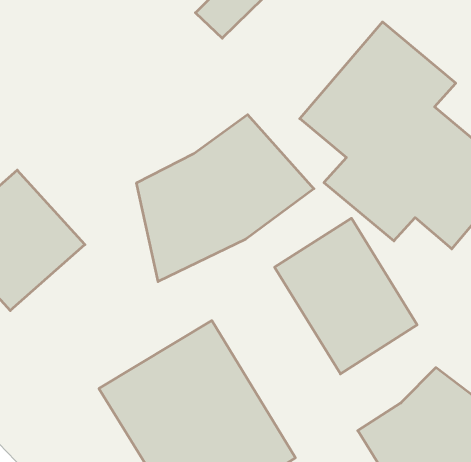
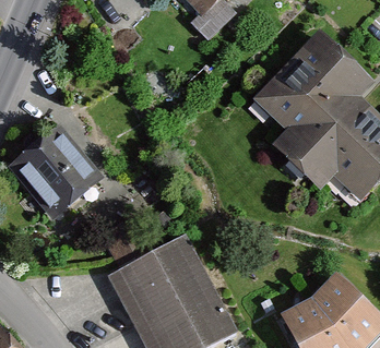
building: [137,115,314,282] -> none
building: [275,218,417,374] -> none

